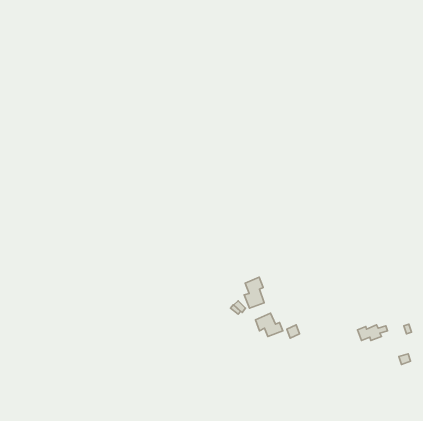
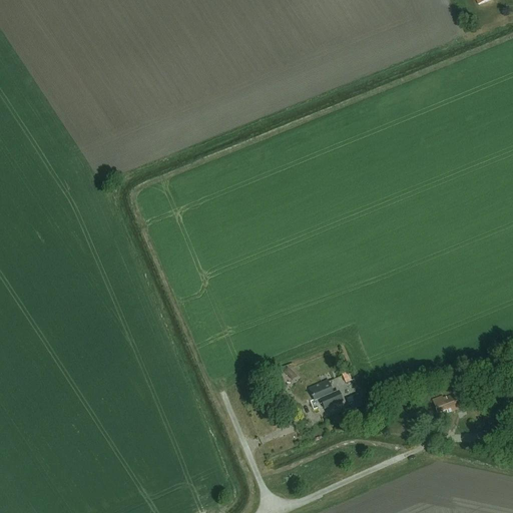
building: [244,277,264,308] -> none

